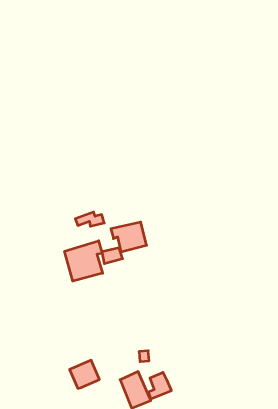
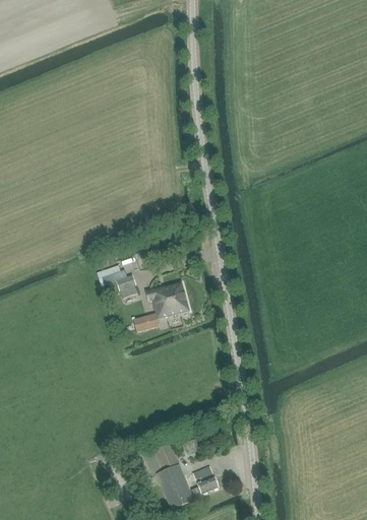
building: [65,241,103,281] -> none
building: [70,360,99,388] -> [142,441,179,475]

